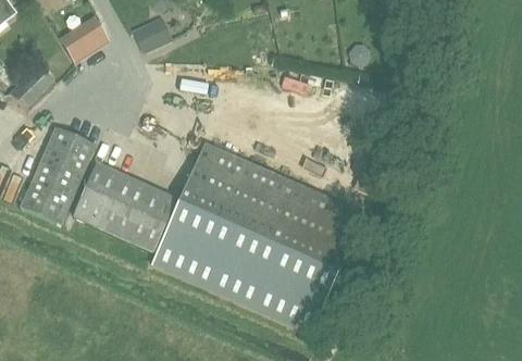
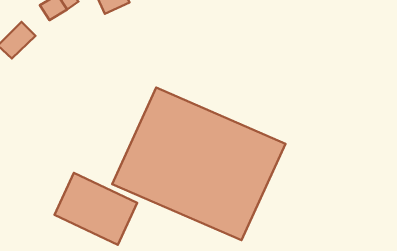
building: [18,124,96,223] -> none
building: [73,161,175,250] -> [54,173,137,245]

